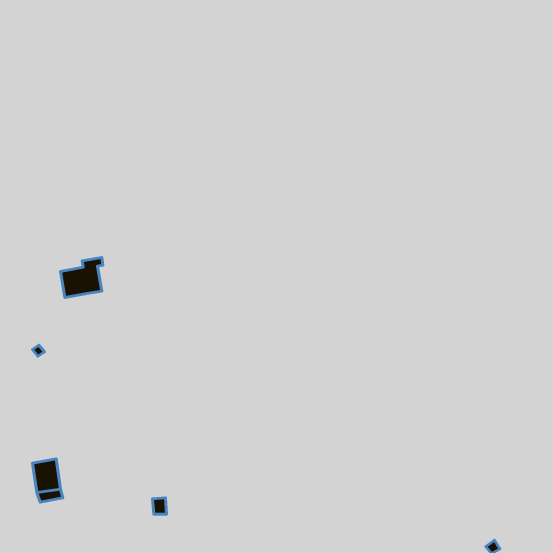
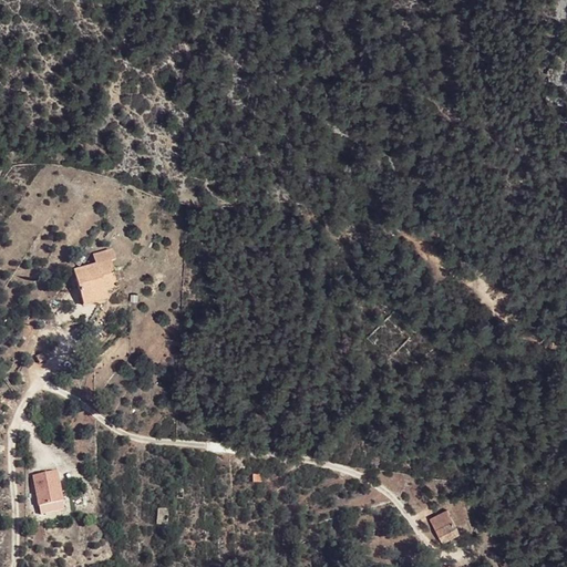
building: none -> [430,507,461,540]

